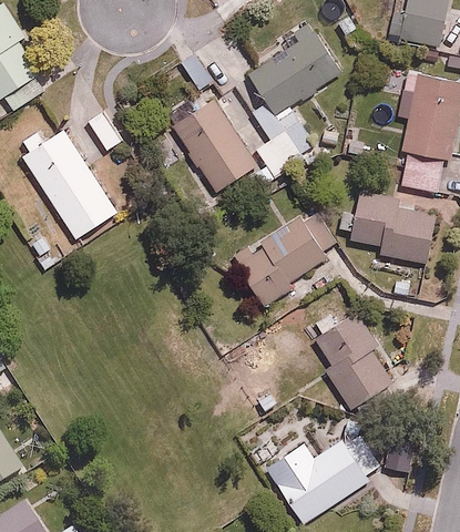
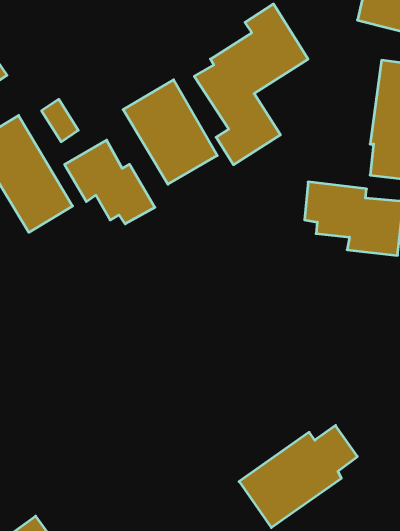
building: none -> [65,140,155,224]
building: [233,205,339,306] -> none
building: [311,315,392,410] -> none

